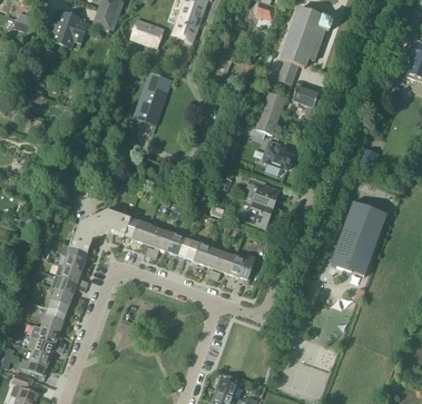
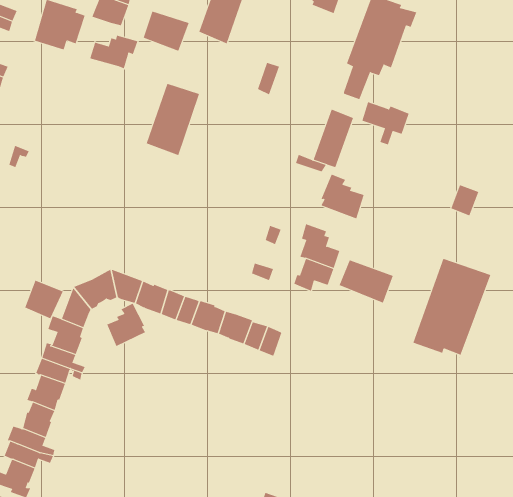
building: none -> [90,35,138,69]
building: none -> [339,260,393,304]
building: none -> [24,280,64,319]
building: none -> [107,303,146,347]
building: [226,254,254,283] -> none

